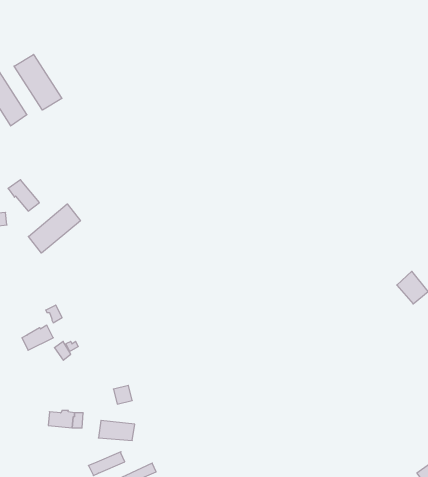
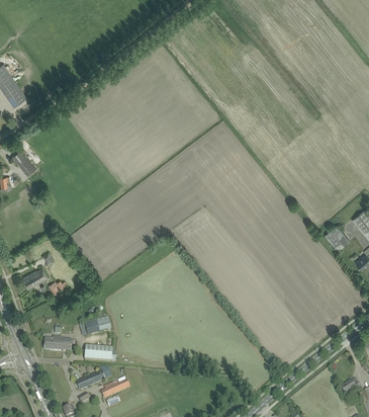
building: [14,54,62,110] -> none
building: [28,204,80,253] -> none

